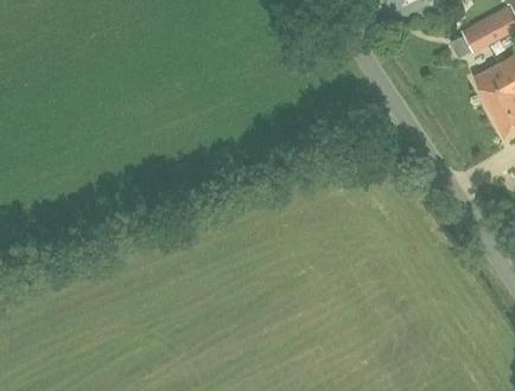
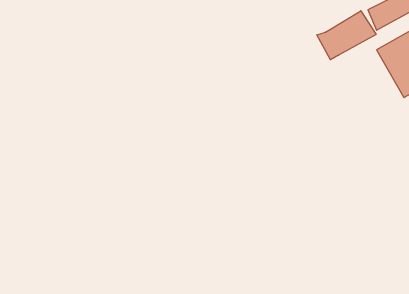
building: none -> [317,11,376,60]

